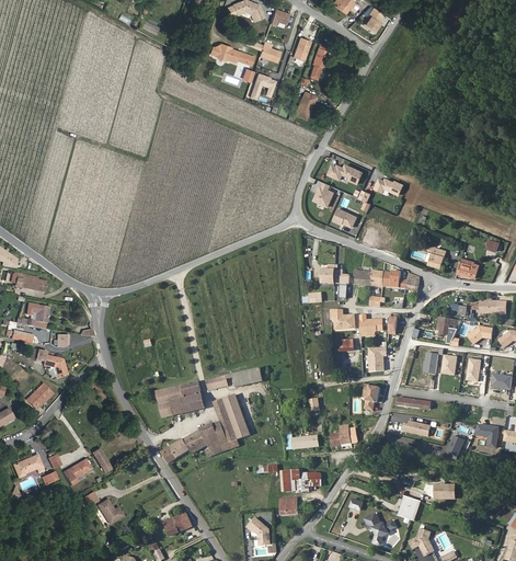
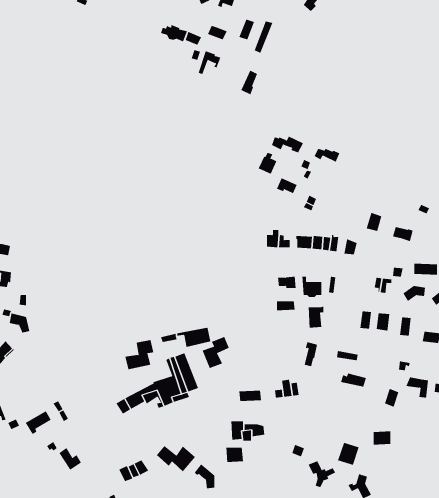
building: none -> [202,336,230,369]
building: [156,386,184,417] -> none
building: none -> [156,445,196,472]

